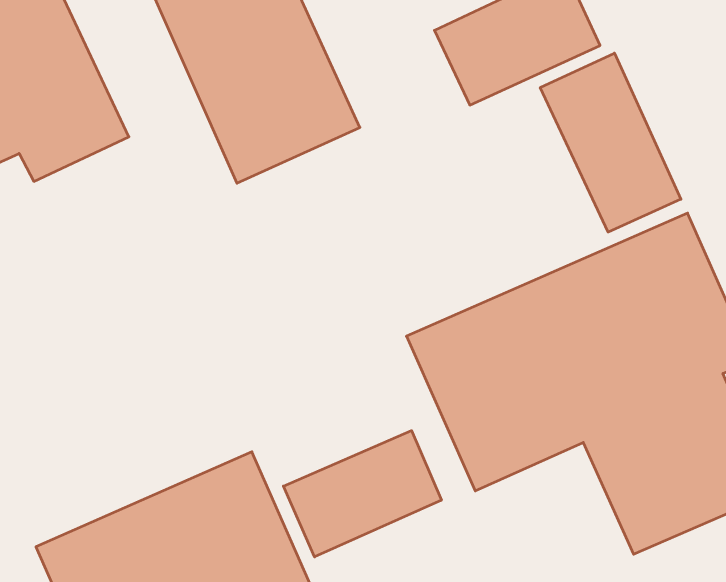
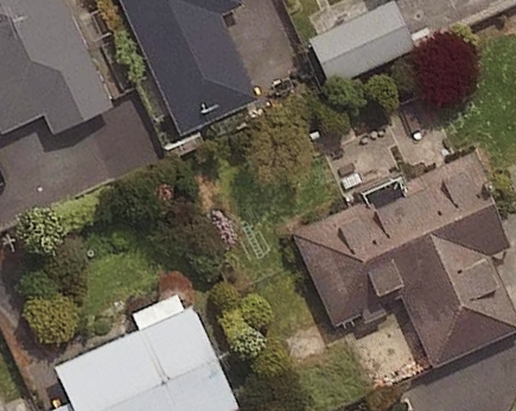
building: [540,53,681,232] -> none
building: [283,431,441,557] -> none

